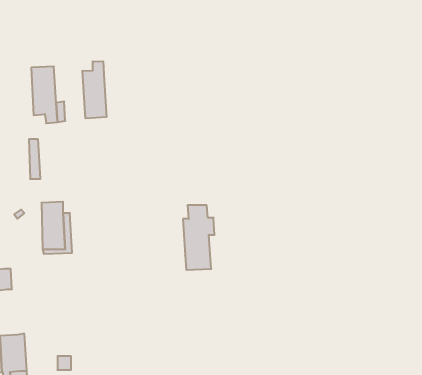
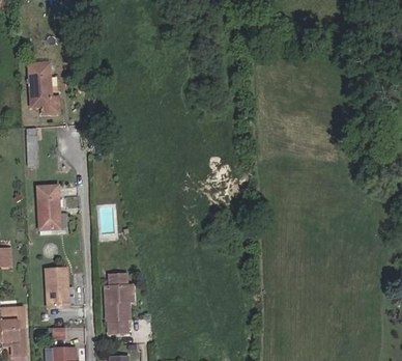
building: [82,61,106,118] -> none
building: [183,205,215,270] -> [105,274,134,333]
building: none -> [46,268,69,307]

